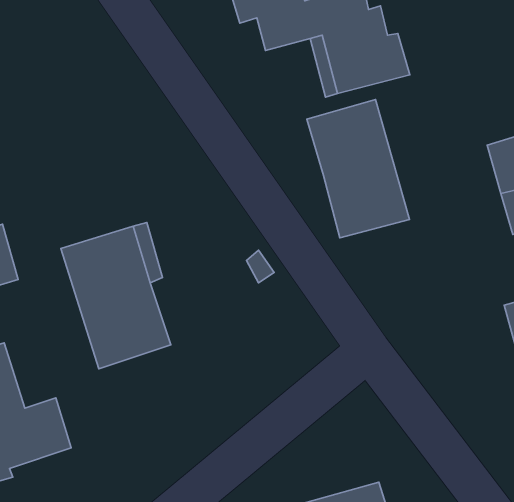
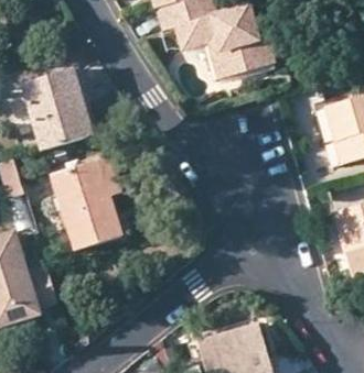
building: none -> [21,67,93,150]
building: [307,100,409,238] -> none

